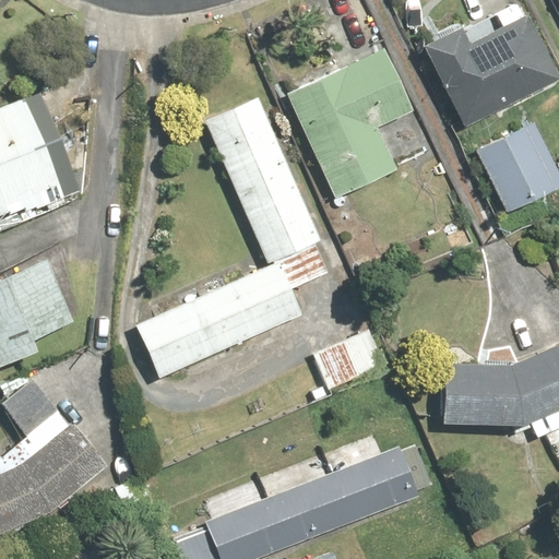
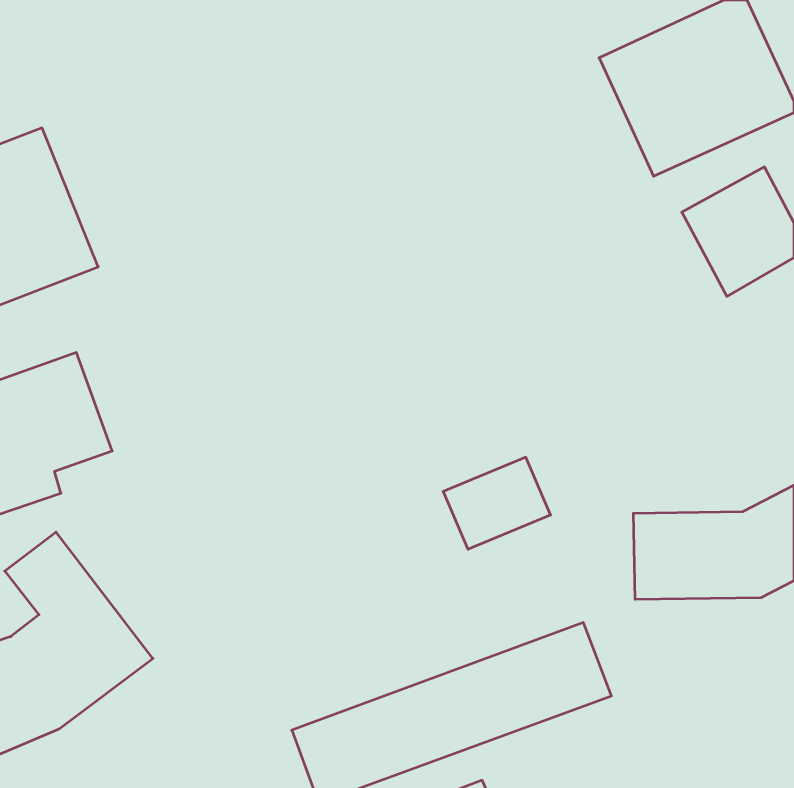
building: [286,47,418,201] -> none
building: [133,94,340,380] -> none

